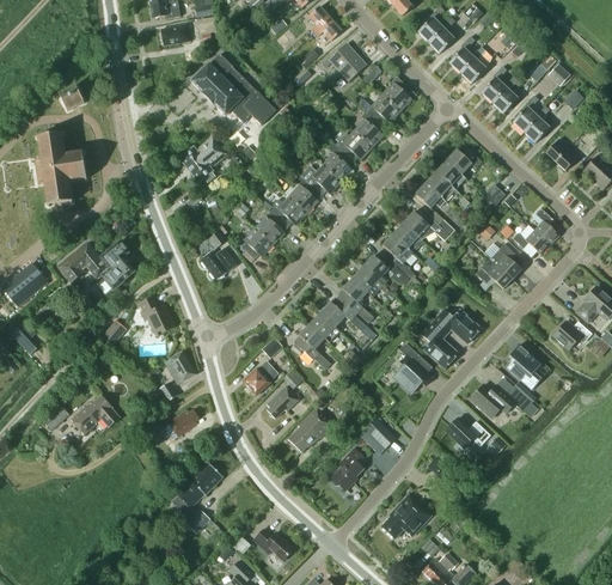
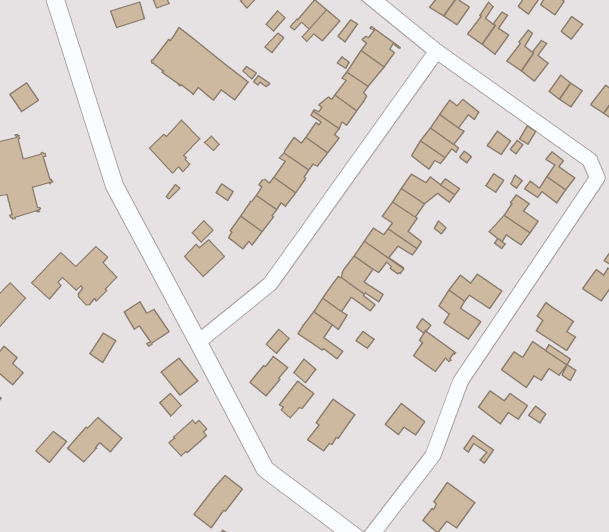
building: [332,446,367,490] -> none

